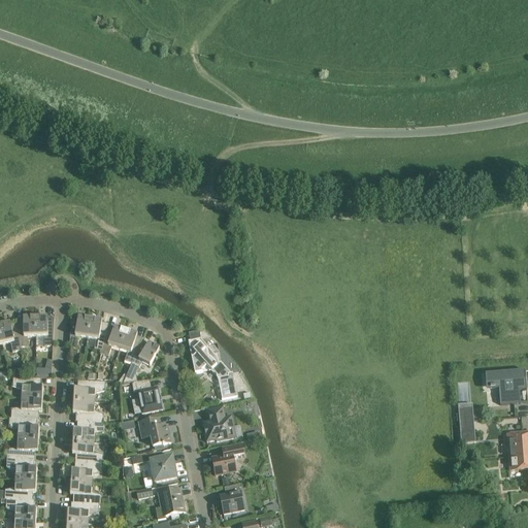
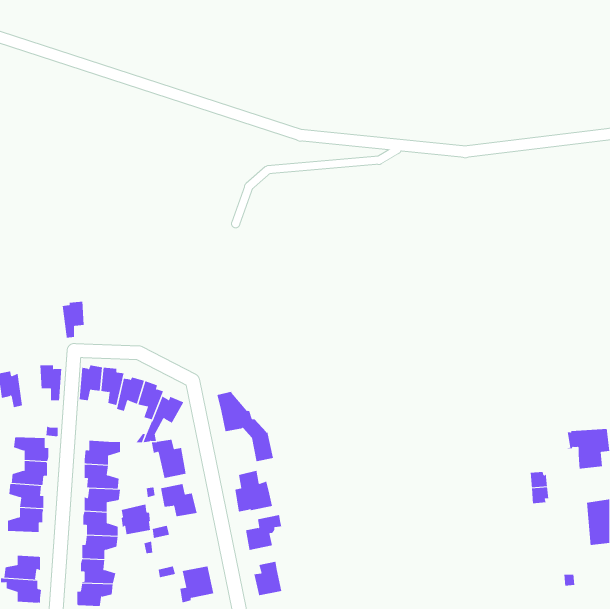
building: [15,315,35,350] -> [62,301,84,342]
building: [150,455,175,482] -> [121,504,151,535]
building: [5,458,36,480] -> none

